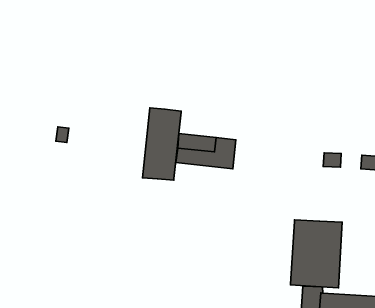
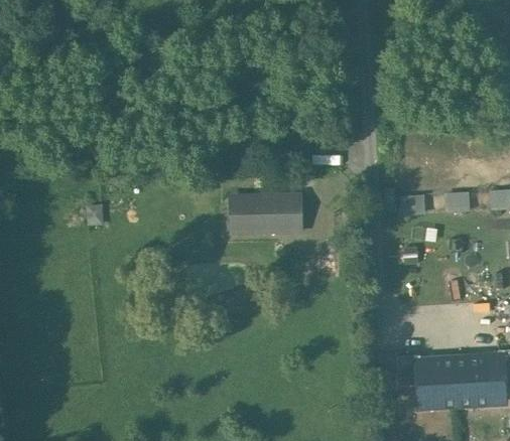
building: [142,108,181,180] -> none
building: [291,220,342,288] -> none

